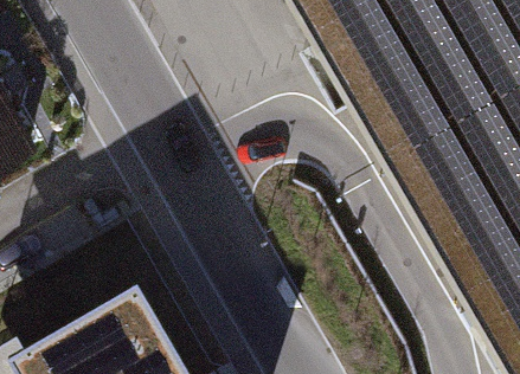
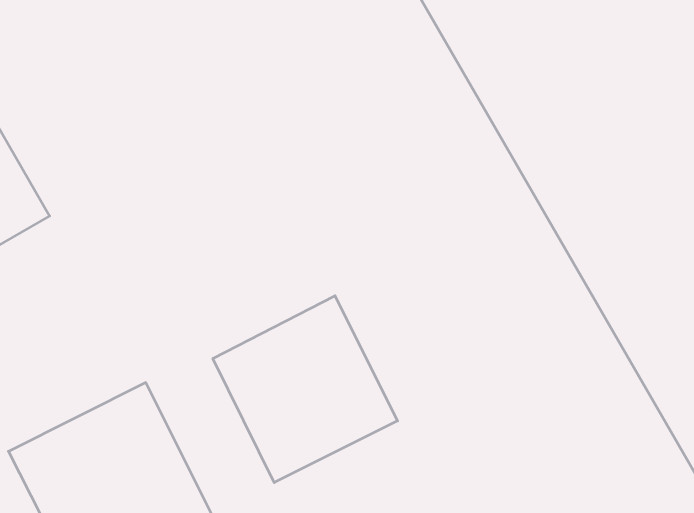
building: none -> [213,296,398,483]

